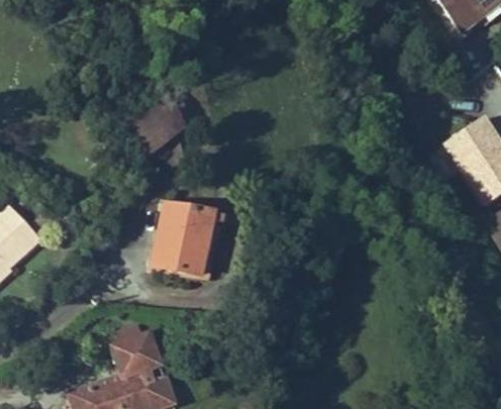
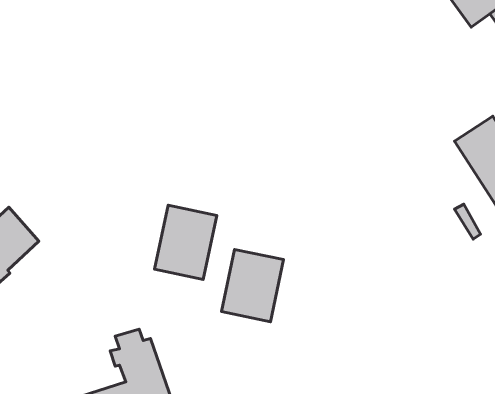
building: [129,94,179,154] -> none
building: none -> [221,249,284,322]

